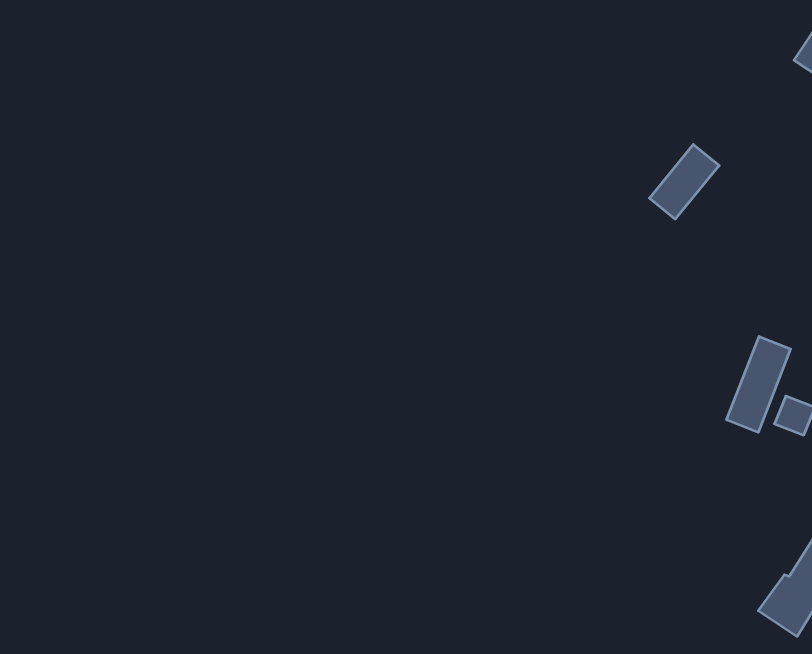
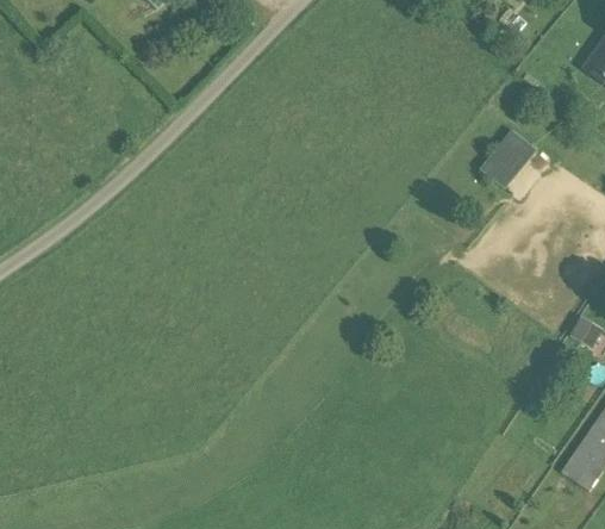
building: [727,336,791,432] -> none

